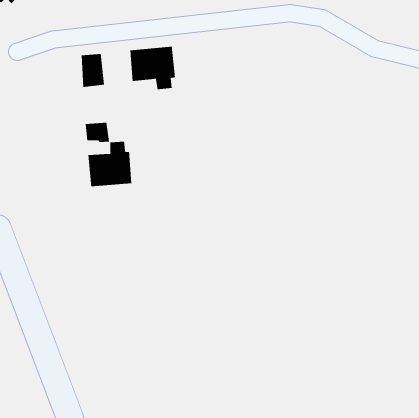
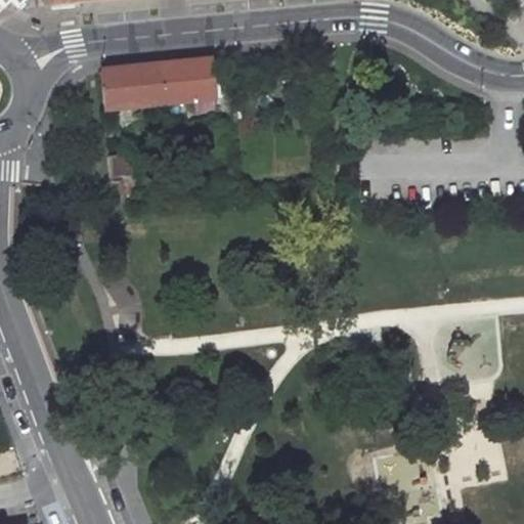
building: none -> [126,62,164,105]
building: [88,141,132,187] -> none

